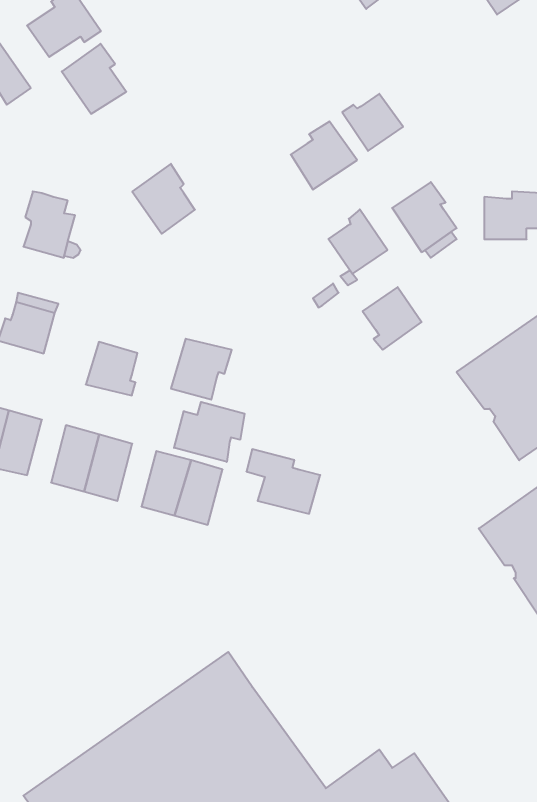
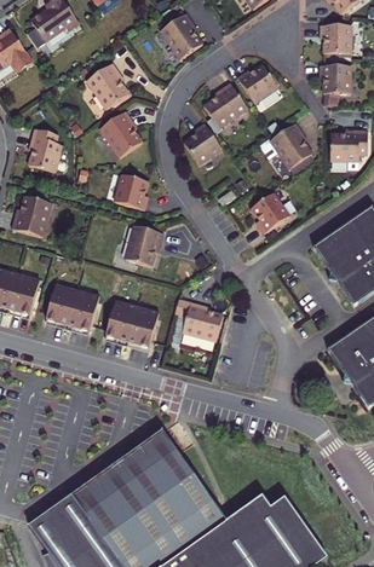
building: none -> [160,12,202,58]
building: none -> [320,24,351,52]
building: [62,44,126,114] -> [86,62,128,108]
building: none -> [318,64,350,93]
building: [328,209,387,274] -> [183,121,221,163]
building: [86,342,137,395] -> [114,173,148,208]
building: [174,402,245,462] -> none

